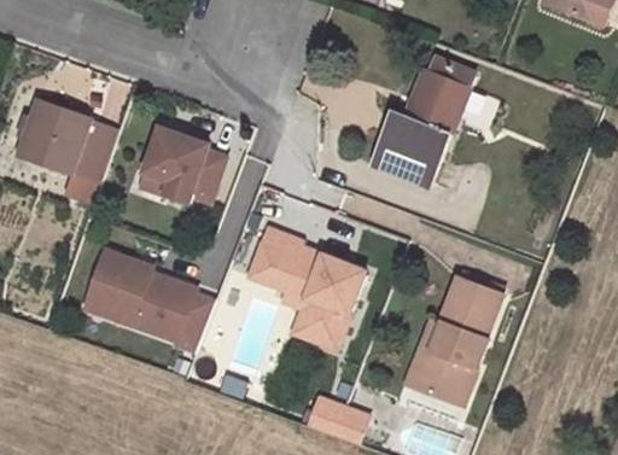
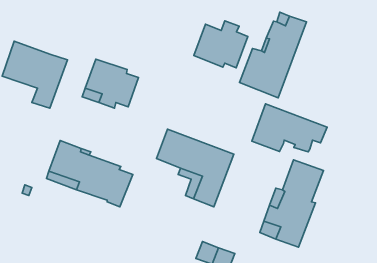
building: none -> [194,21,248,68]
building: none -> [252,104,327,152]

